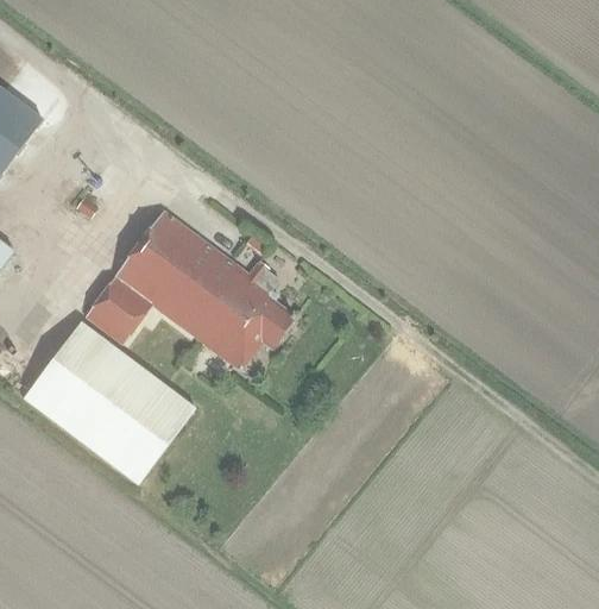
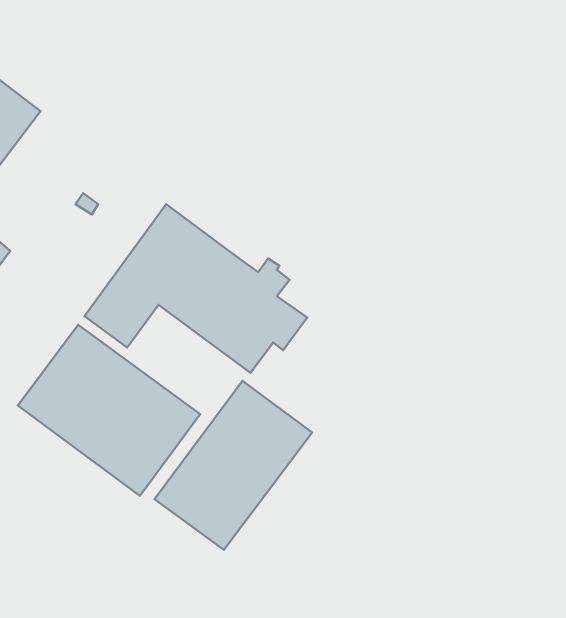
building: none -> [154,381,312,550]

